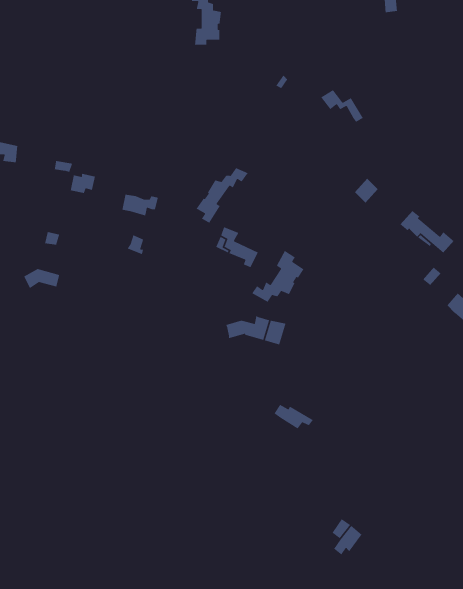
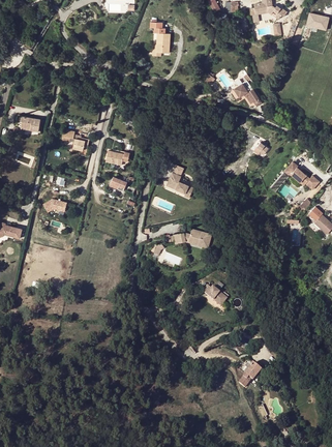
building: [196,167,249,224] -> none
building: [251,250,305,303] -> none

